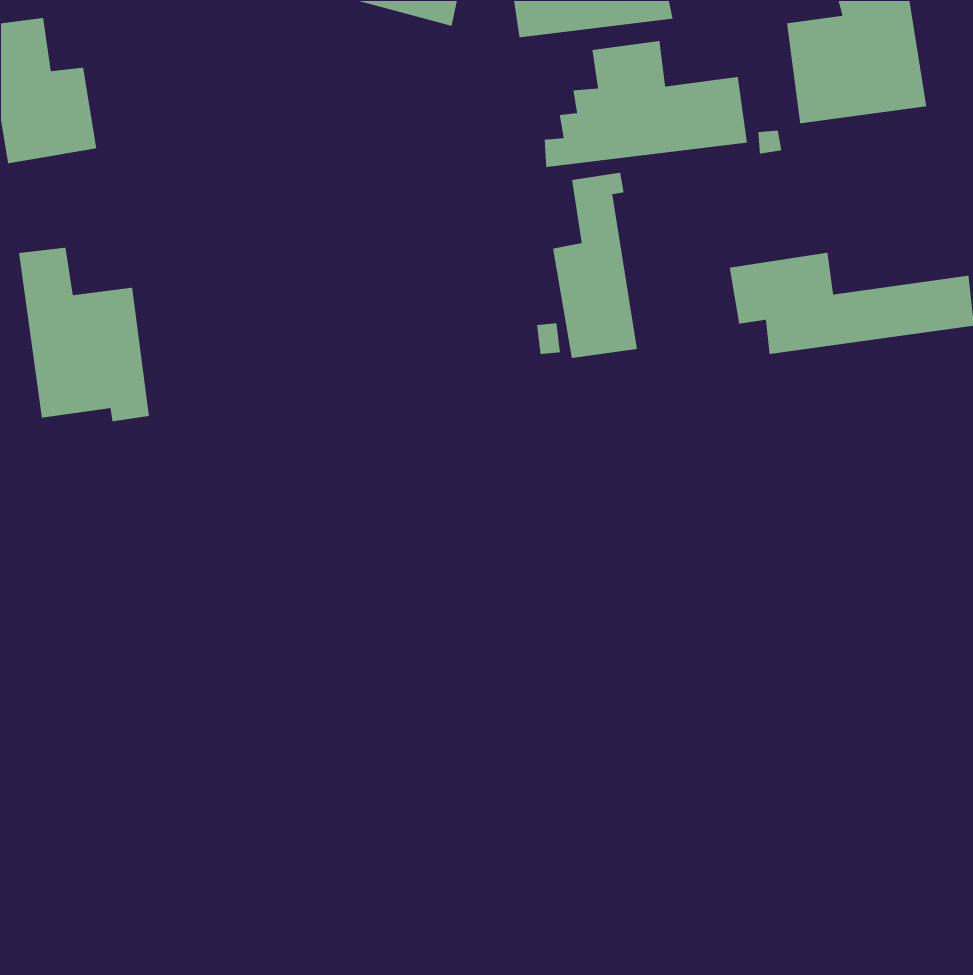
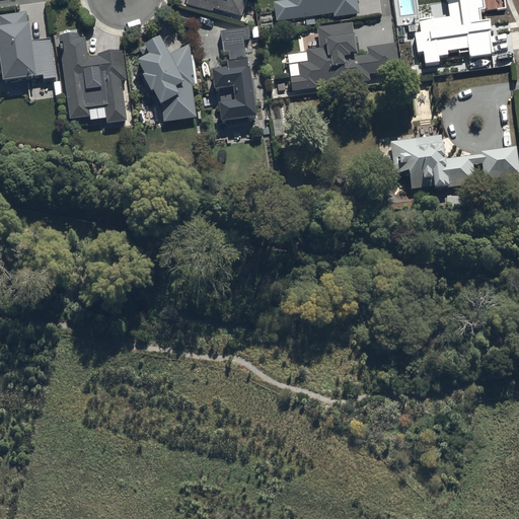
building: none -> [133,34,198,120]
building: [552,172,638,359] -> [211,25,256,125]
building: [18,247,150,422] -> [58,28,128,122]

